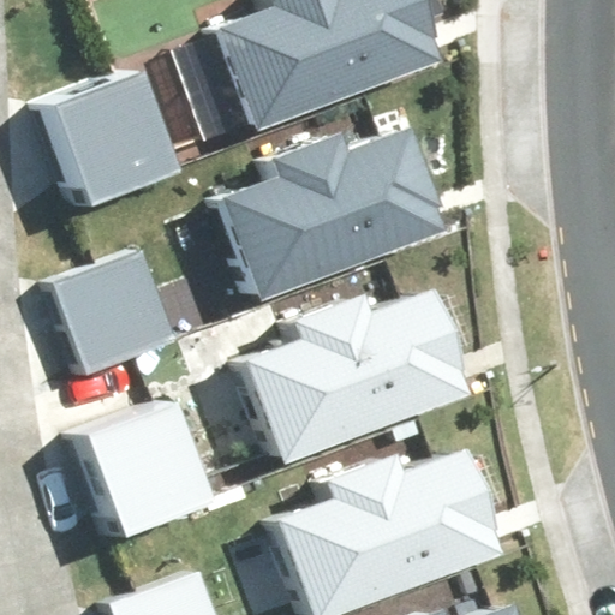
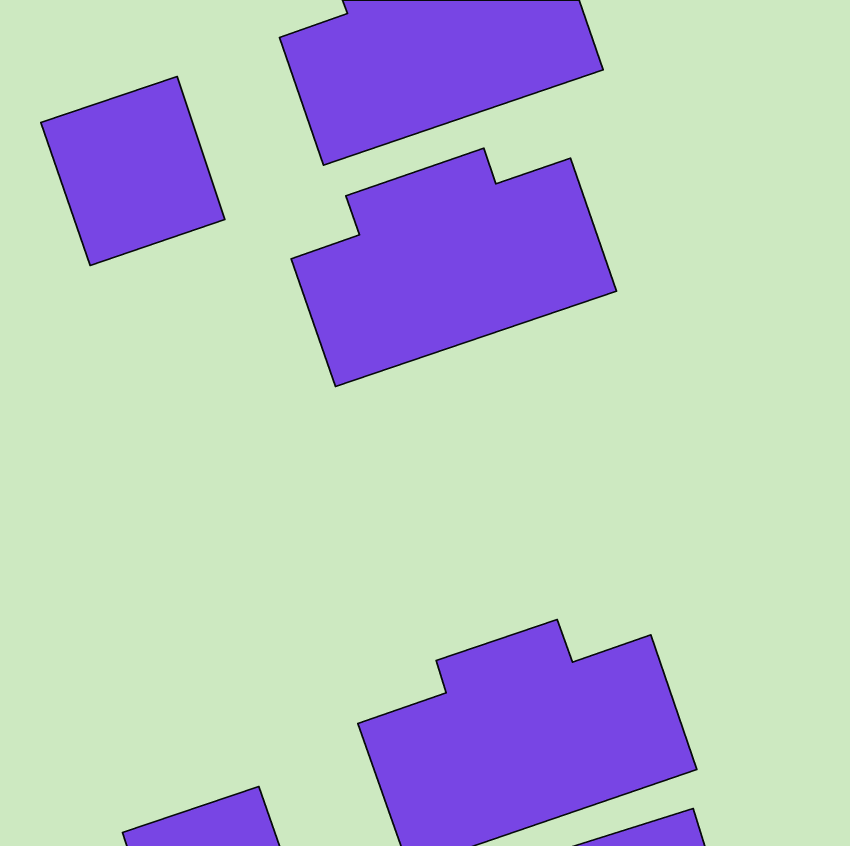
building: [41,244,171,377] -> none
building: [249,289,478,458] -> none
building: [82,404,211,537] -> none

